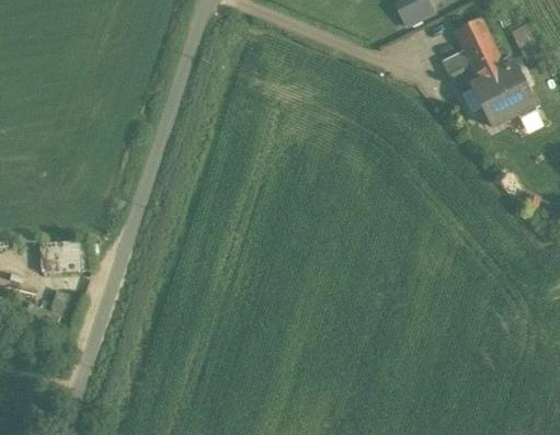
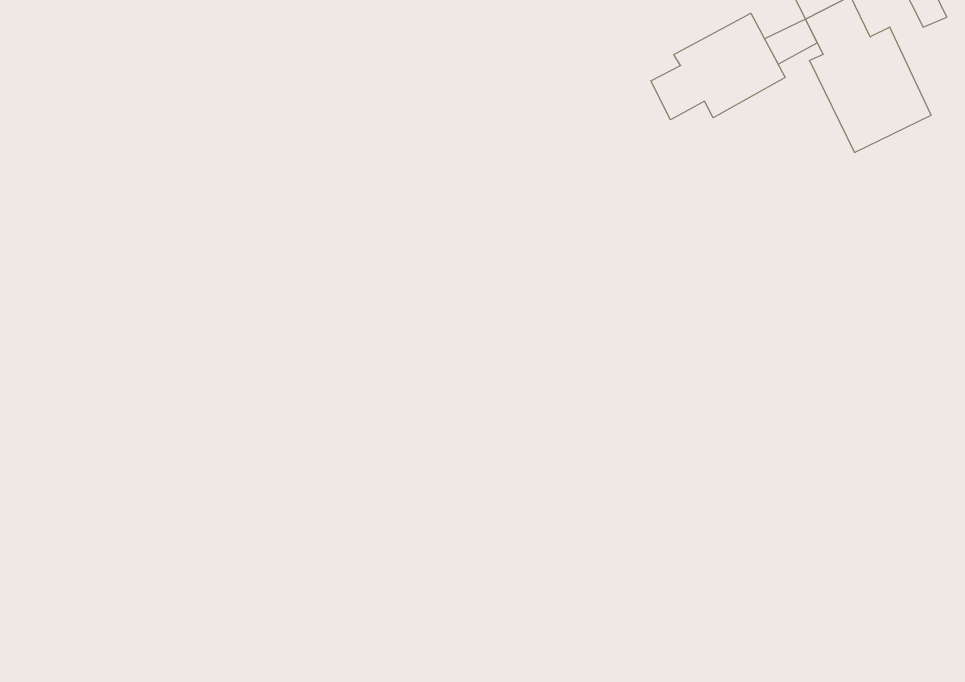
building: none -> [651,13,785,120]

